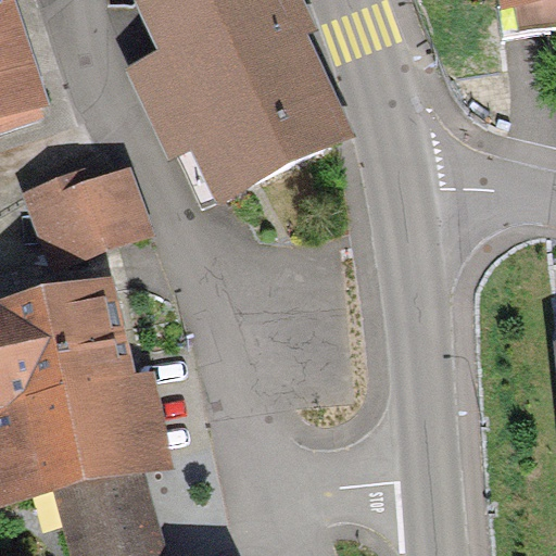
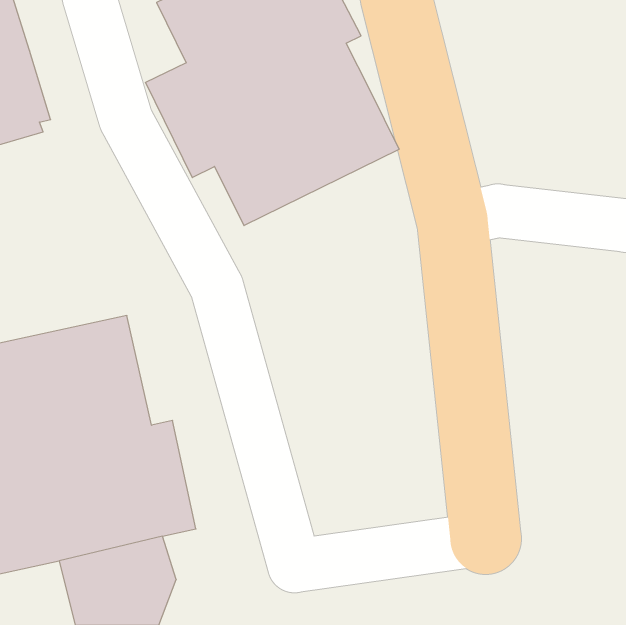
building: [20,168,149,268] -> none

